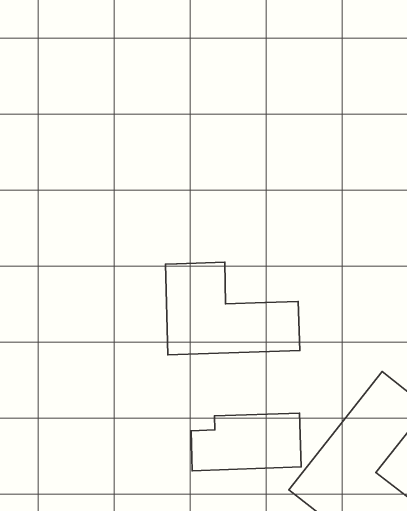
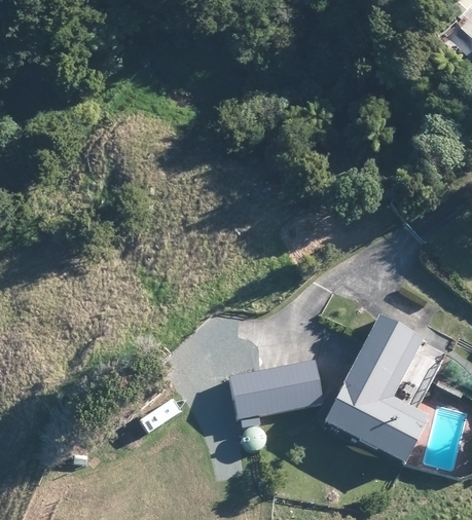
building: [166,262,300,355] -> none

